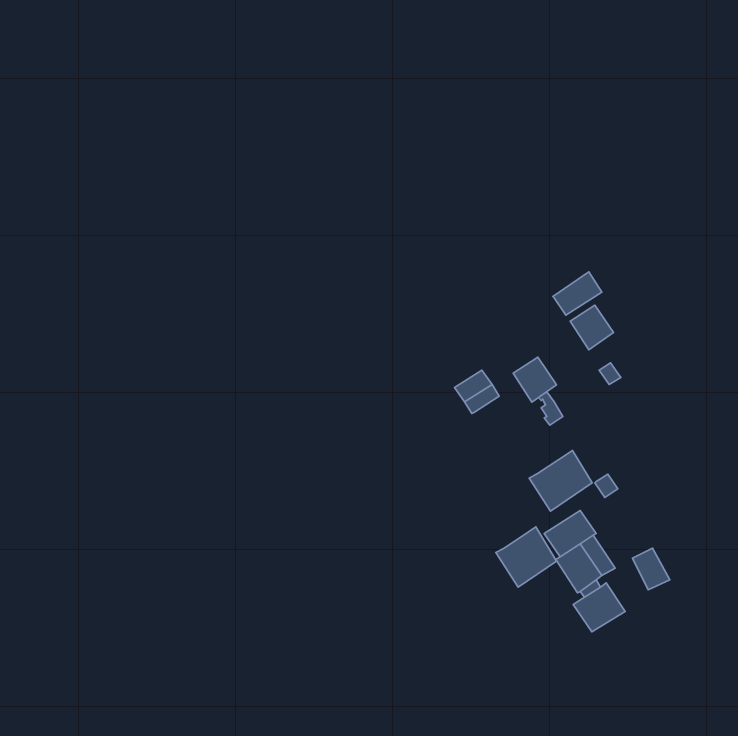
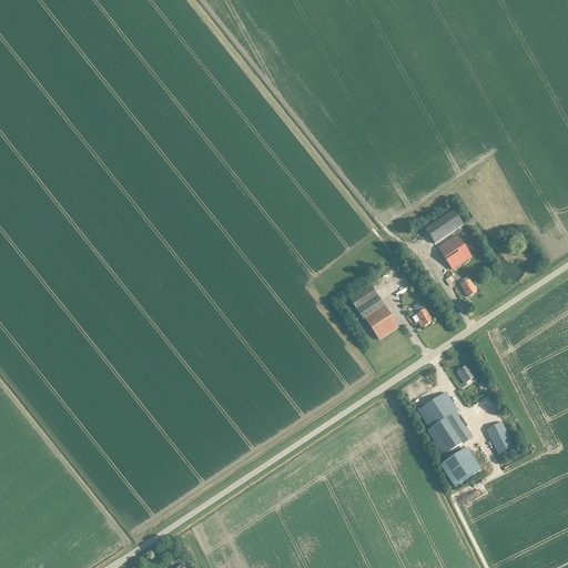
building: [513,357,557,402] -> [364,304,397,338]
building: [529,450,592,511] -> none
building: [496,527,557,587] -> none

